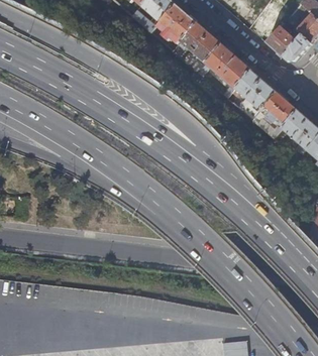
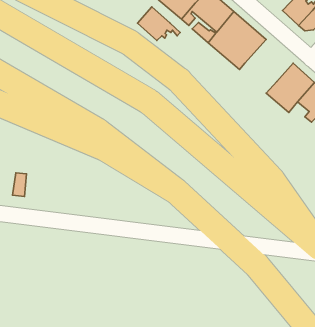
building: none -> [137,7,180,41]
building: [231,69,277,119] -> none

